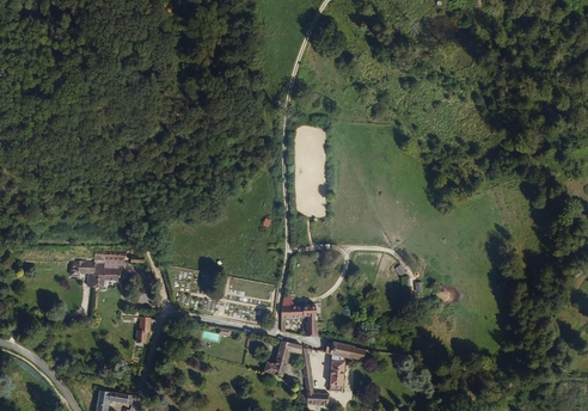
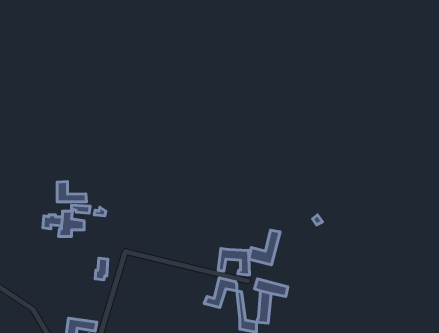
building: none -> [57,182,87,202]
building: none -> [249,230,280,265]

